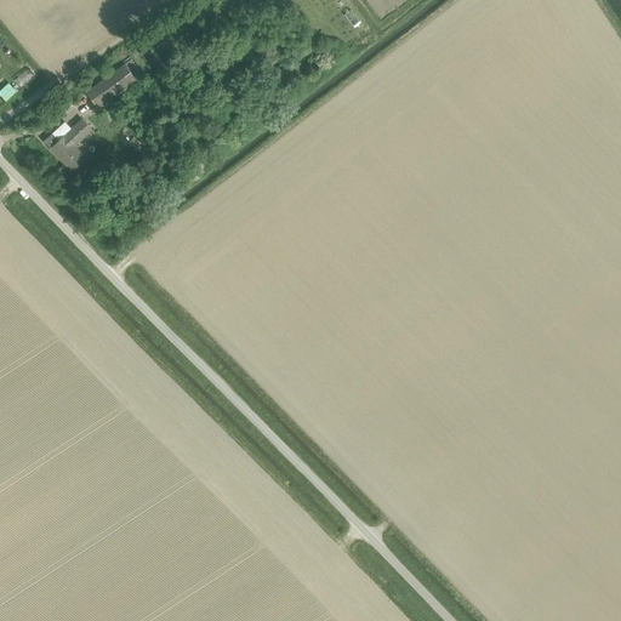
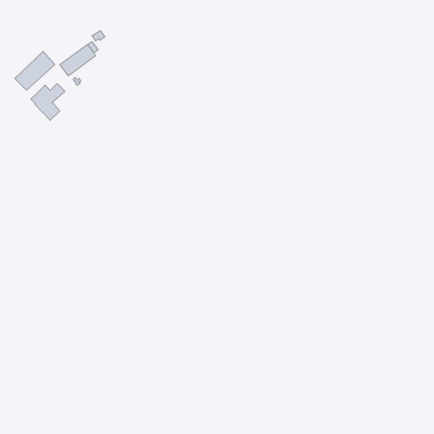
building: none -> [15,51,55,90]

